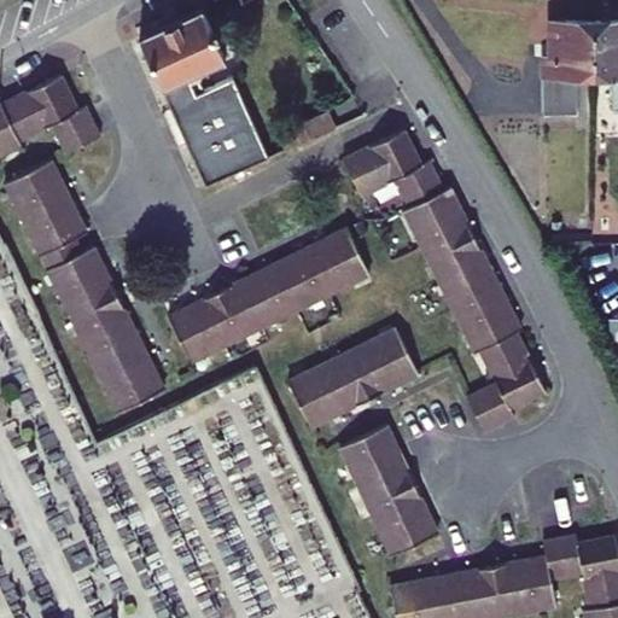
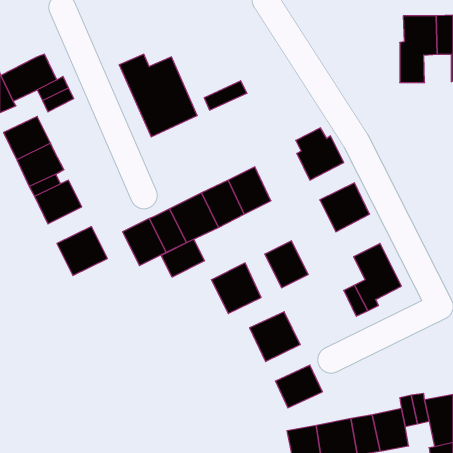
building: [139,11,225,89] -> none
building: [343,129,436,196] -> none
building: [421,222,482,273] -> none
building: [65,282,124,332] -> none
building: [456,292,521,352] -> none
building: none -> [161,239,204,277]
building: [333,346,383,406] -> none
building: [99,352,163,412] -> none
building: [361,470,421,519] -> none

